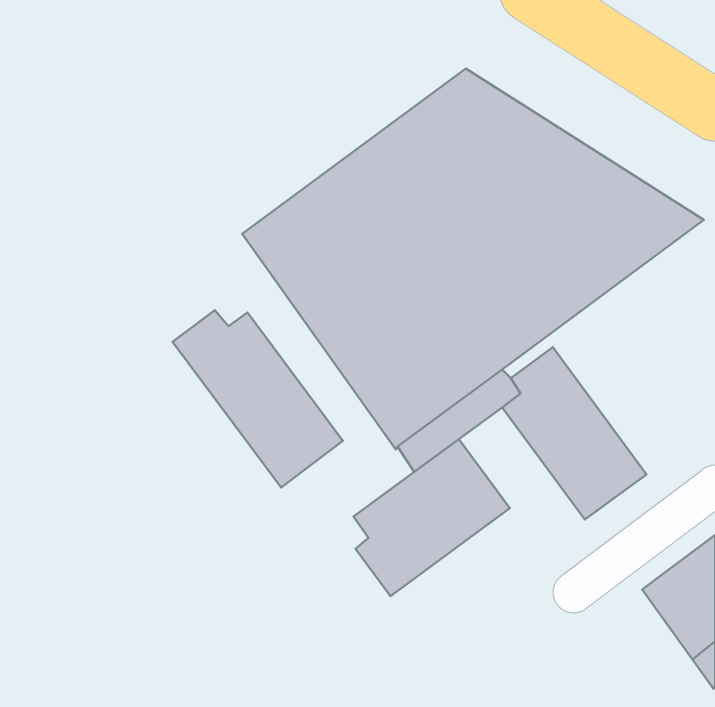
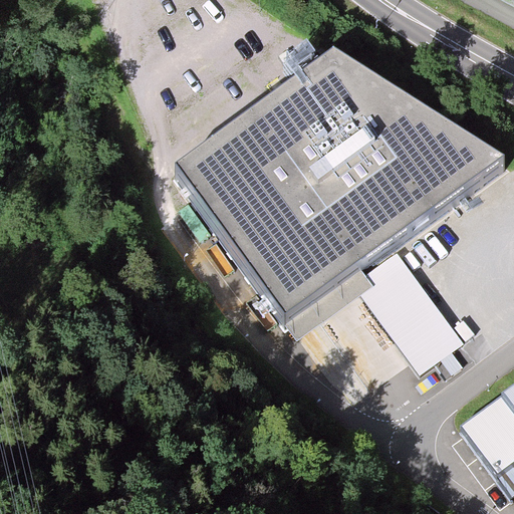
building: [172,310,343,488] -> none
building: [354,439,510,596] -> none

